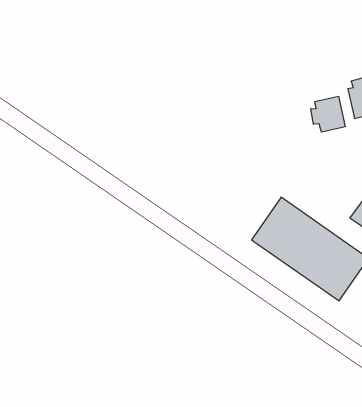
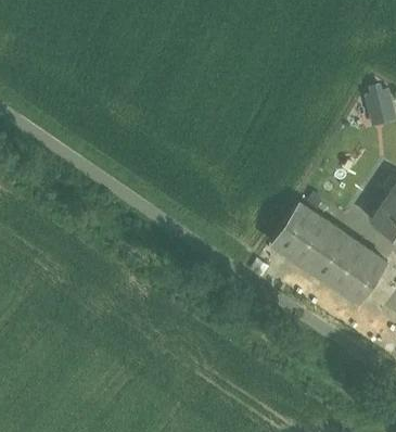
building: [311,96,345,132] -> none

